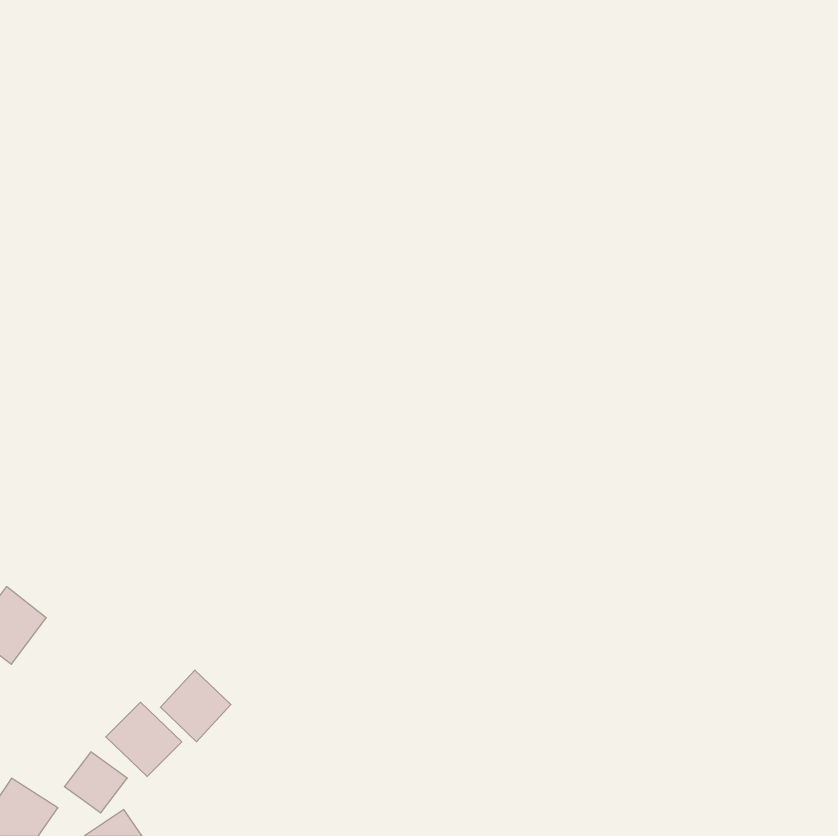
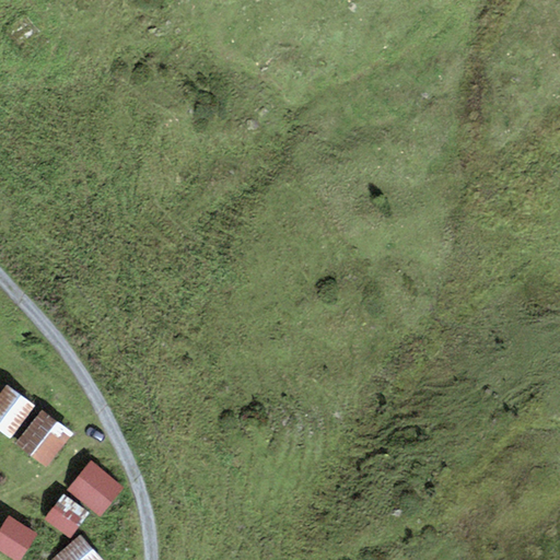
building: none -> [14,411,70,467]
building: [160,670,231,742] -> none

